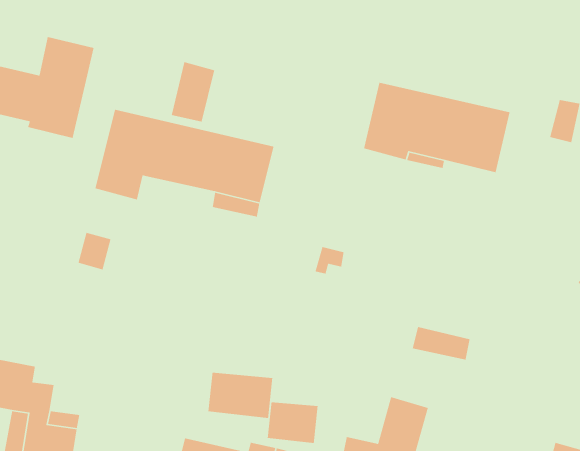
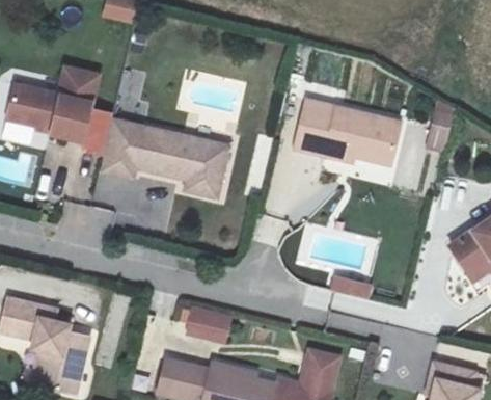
building: [171,61,215,123] -> [84,101,116,145]
building: [267,401,318,444] -> none

